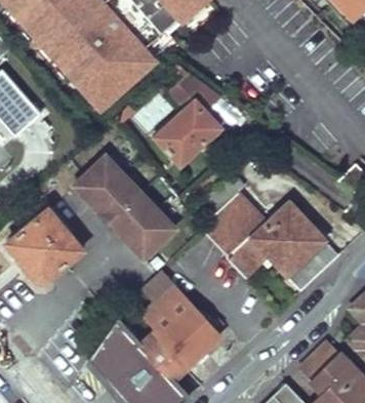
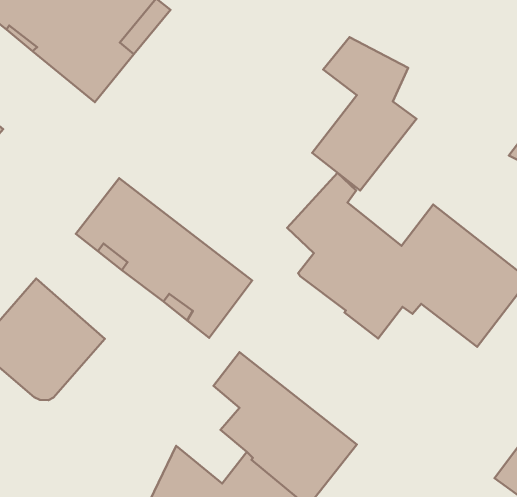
building: [155,72,219,163] -> [312,37,416,190]

